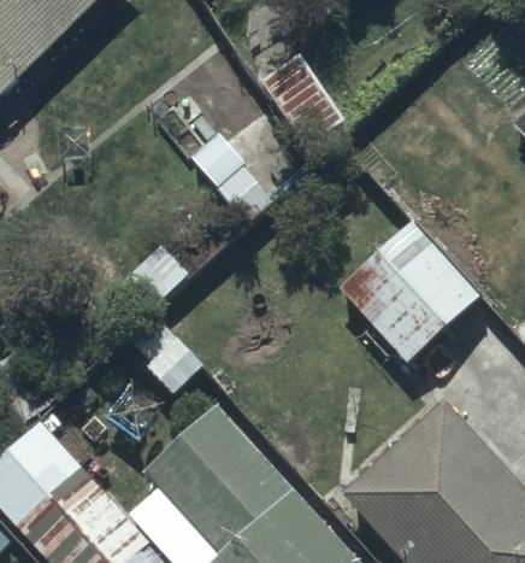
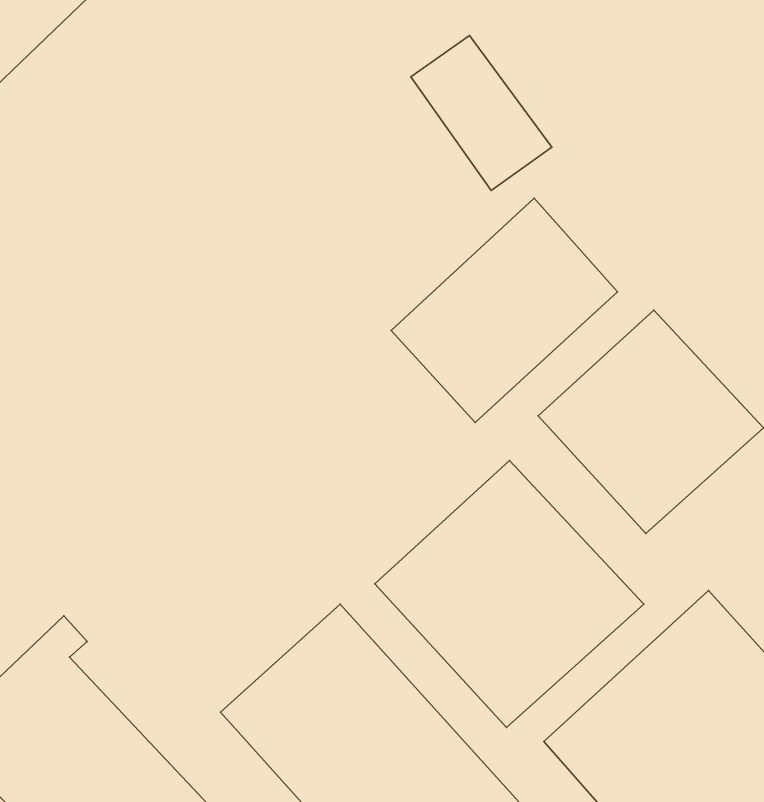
building: none -> [391,198,618,422]
building: none -> [375,460,644,728]

